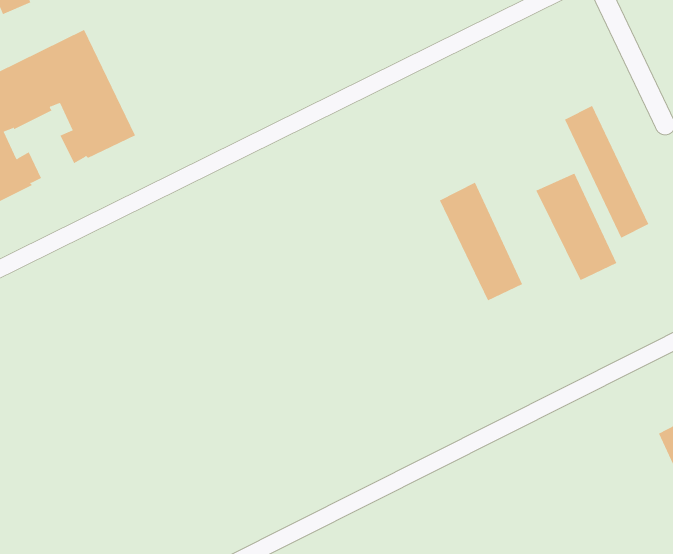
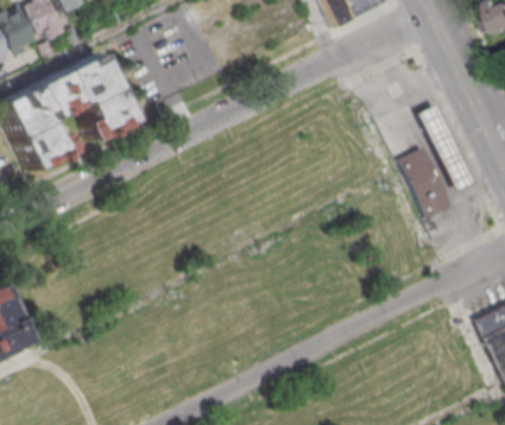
building: [439,182,523,301] -> none

